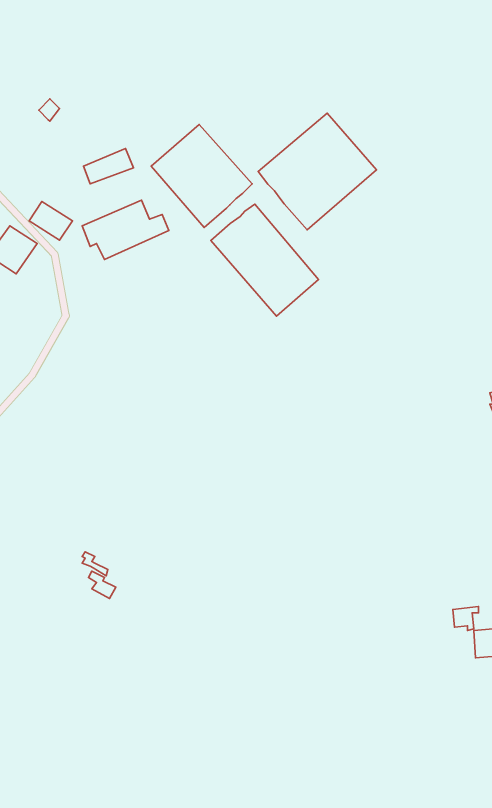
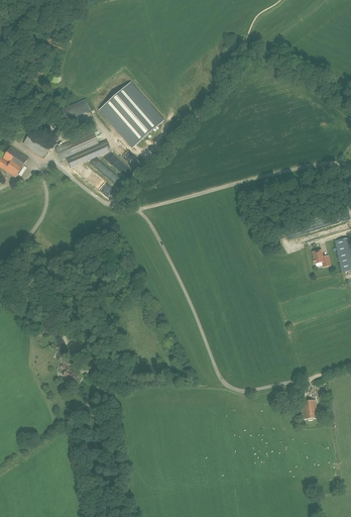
building: [258,113,376,230] -> none
building: [211,204,319,316] -> none

